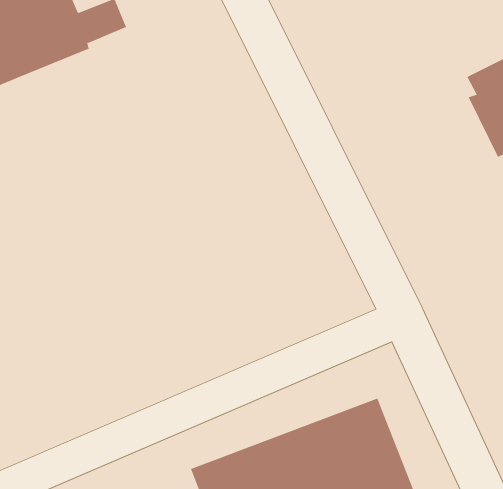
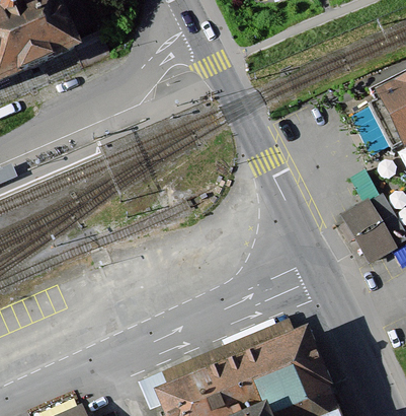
building: none -> [339,194,391,251]

